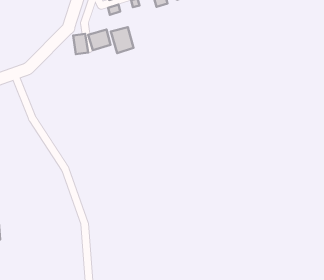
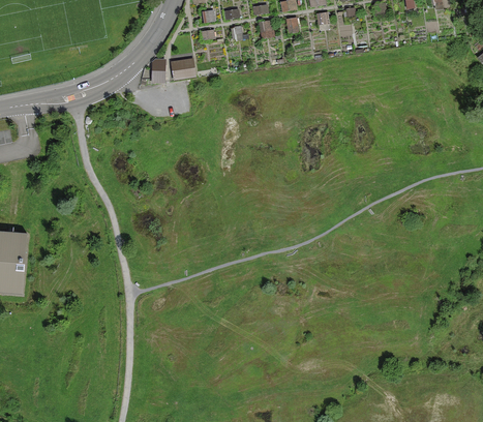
building: [111,27,134,53] -> none

